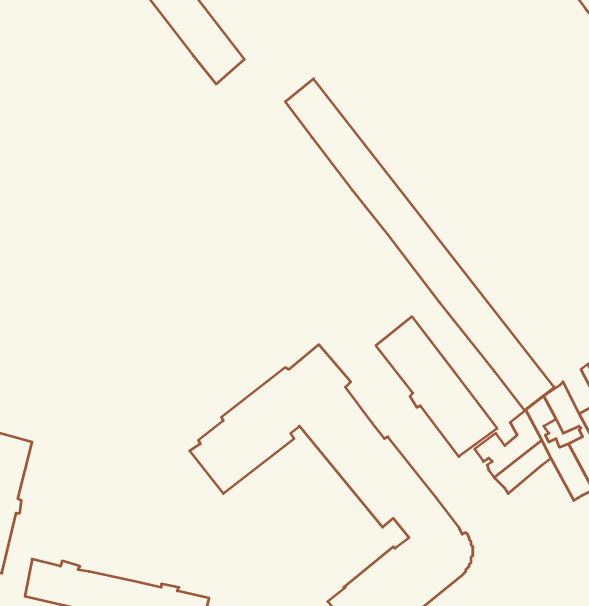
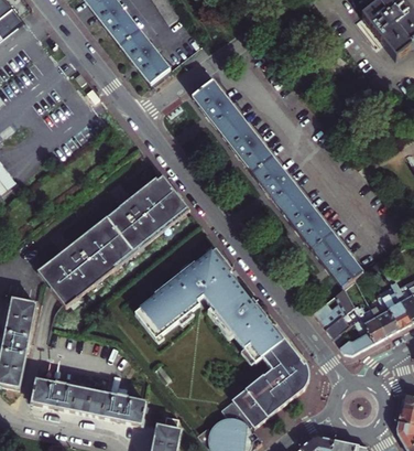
building: none -> [39,174,188,307]
building: [376,317,497,457] -> none
building: none -> [339,316,373,354]

